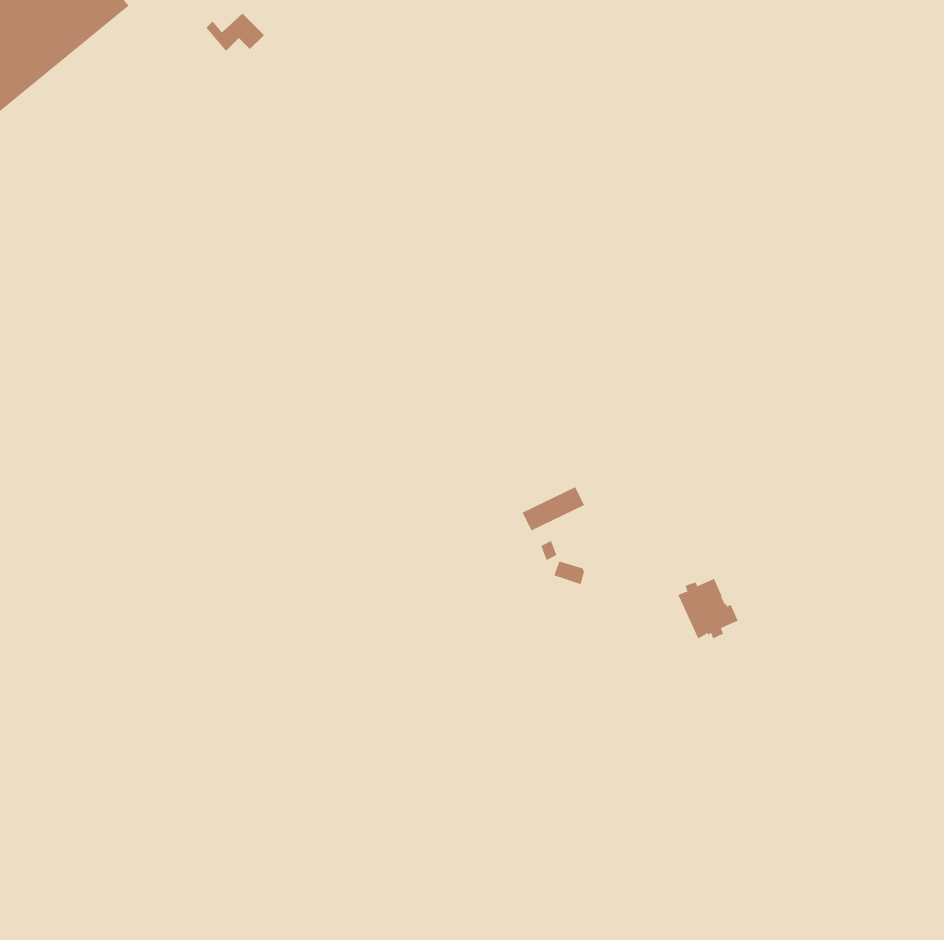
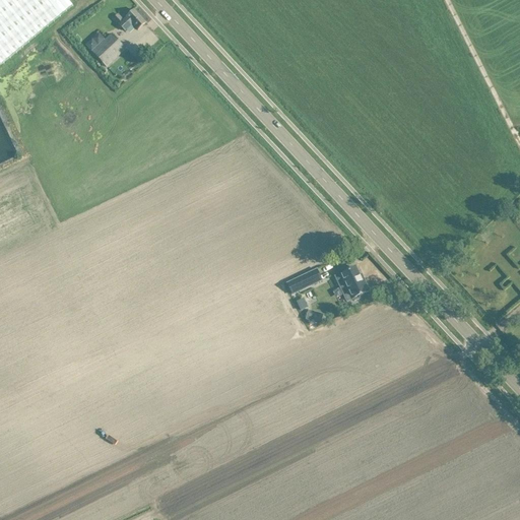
building: none -> [91,31,125,64]
building: [677,578,738,639] -> [334,265,368,299]

